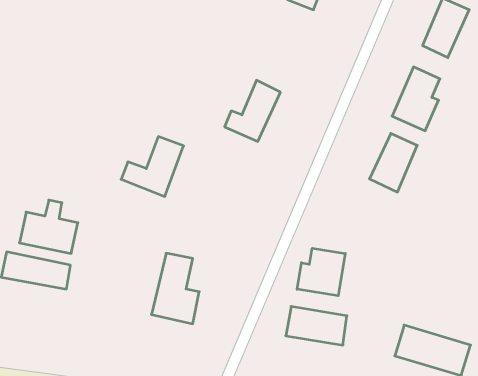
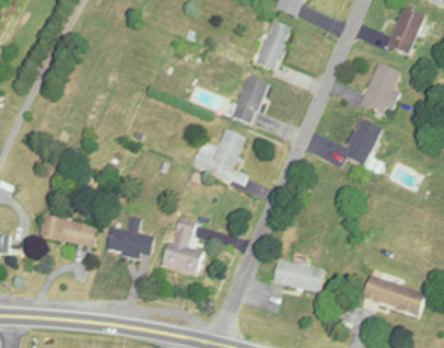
building: none -> [256,20,292,69]
building: [121,137,184,196] -> [194,128,245,177]
building: [19,200,78,253] -> [106,216,154,259]
building: [297,248,345,296] -> none

